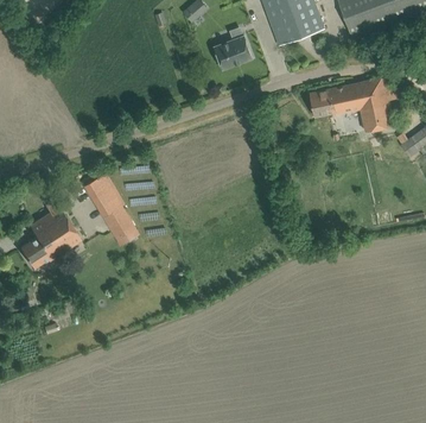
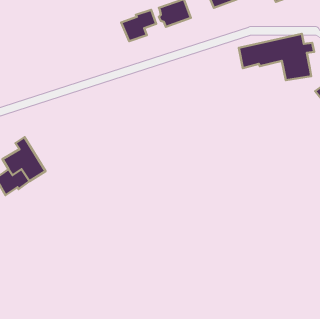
building: none -> [121,10,156,41]
building: [84,172,133,235] -> none

